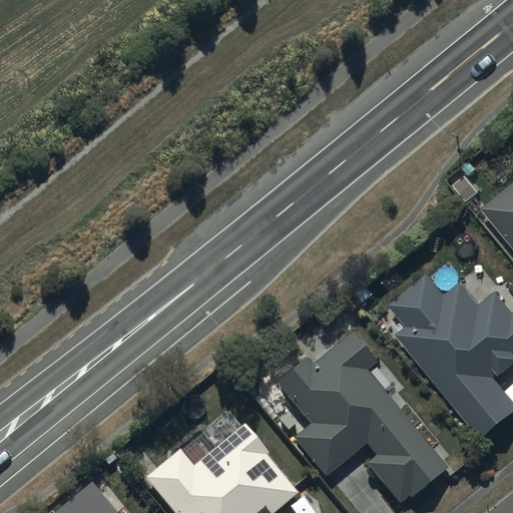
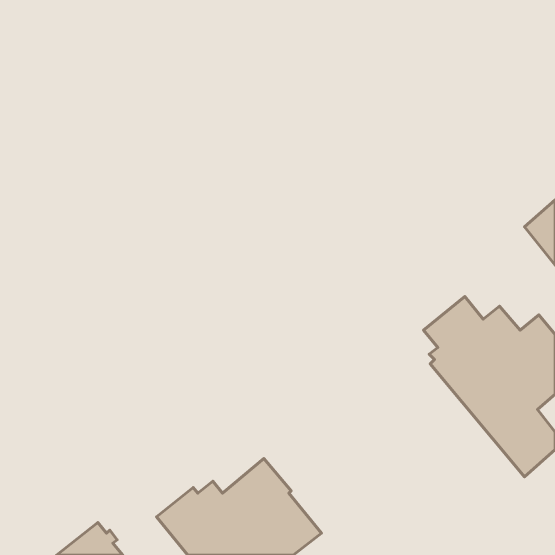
building: [275,332,447,504] -> none

